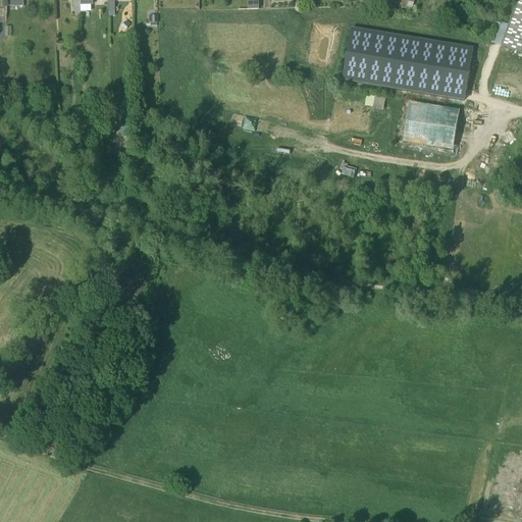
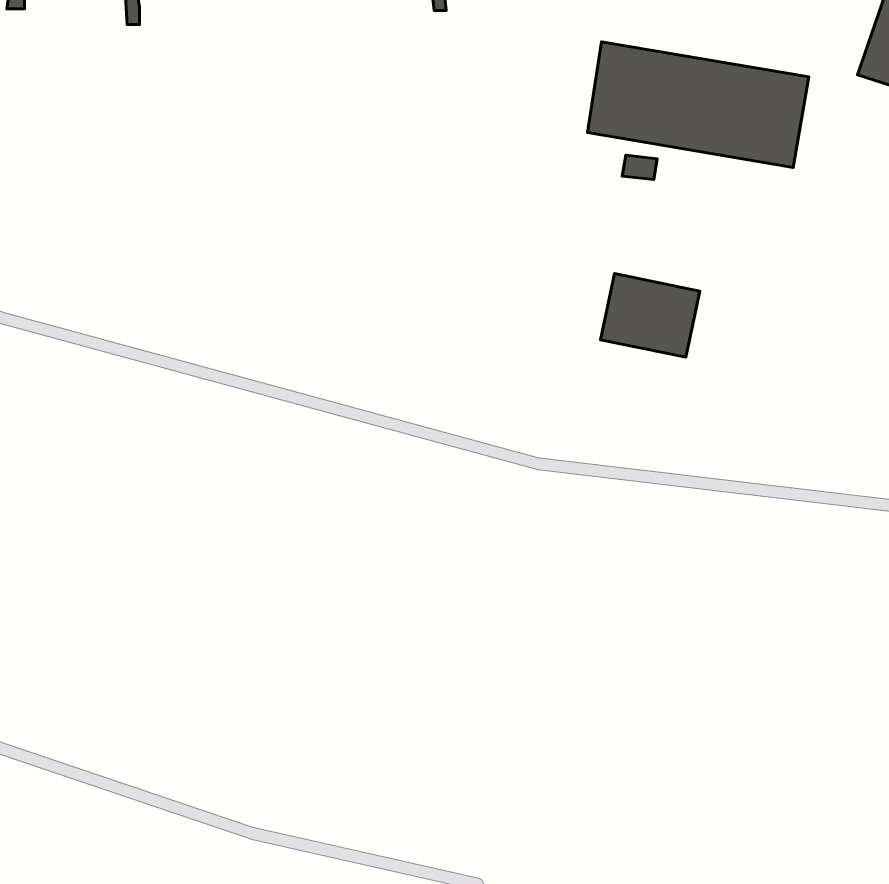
building: [404,99,462,148] -> [601,274,700,357]

